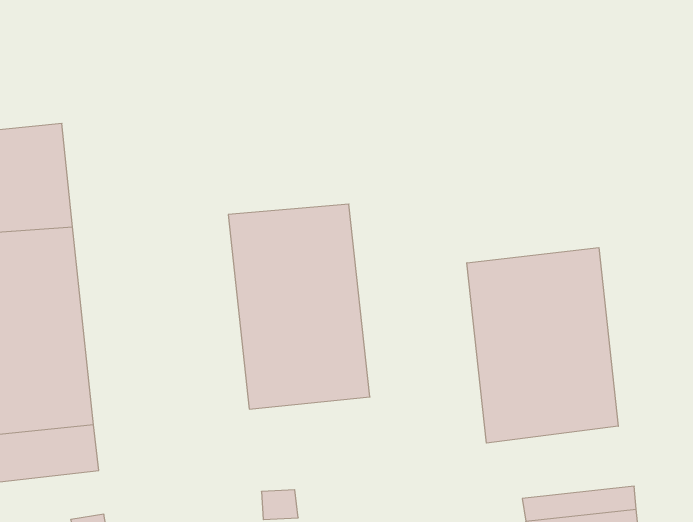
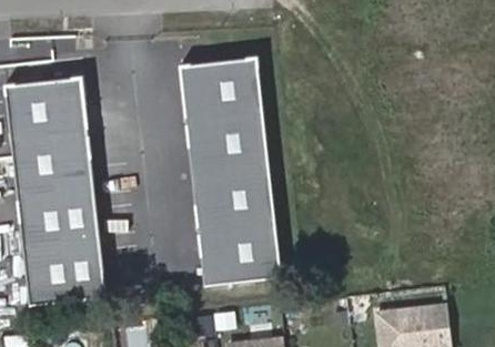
building: none -> [180,61,264,137]
building: [467,248,618,443] -> none
building: none -> [201,253,281,289]

